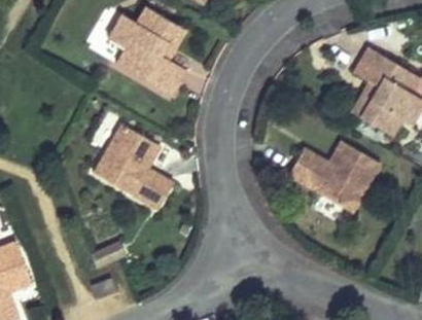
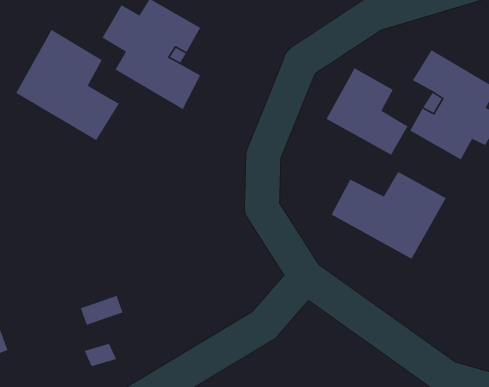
building: none -> [325,67,408,156]
building: [89,120,172,210] -> [15,29,120,141]

